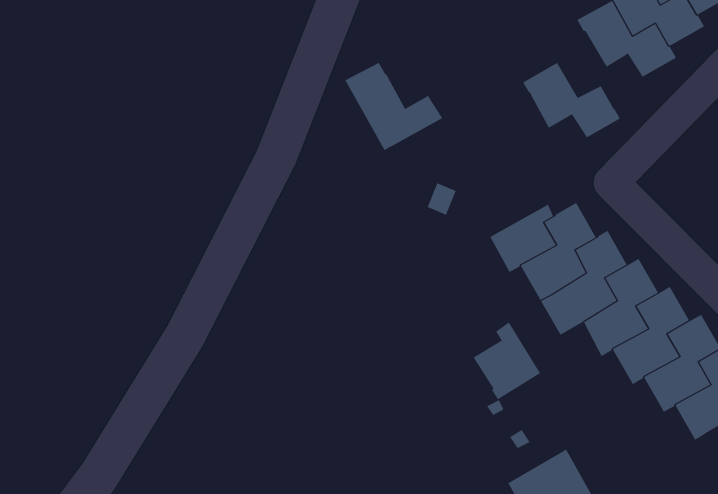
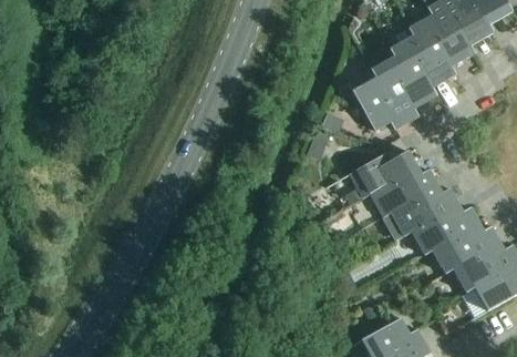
building: none -> [390,35,456,88]
building: [345,62,443,151] -> [348,70,414,130]
building: [473,322,541,400] -> none

